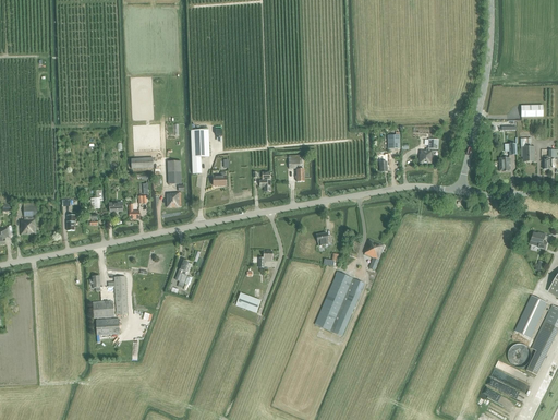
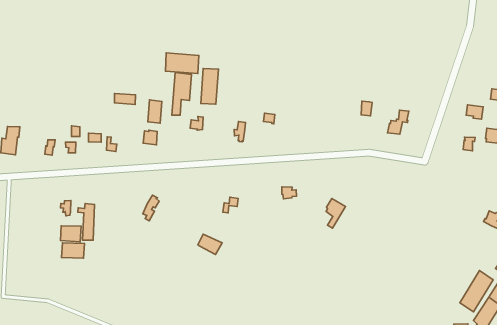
building: none -> [165,53,199,74]
building: none -> [201,69,219,104]
building: [315,271,364,336] -> none

